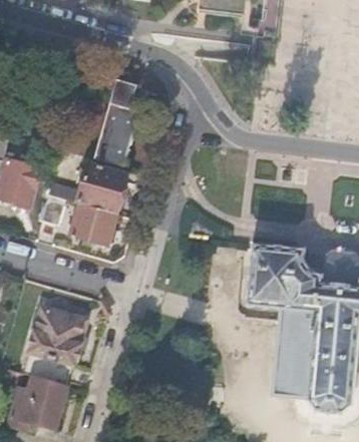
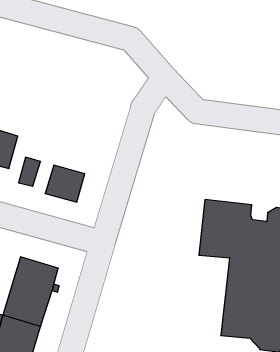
building: [95,74,139,165] -> none
building: [76,162,127,212] -> none

